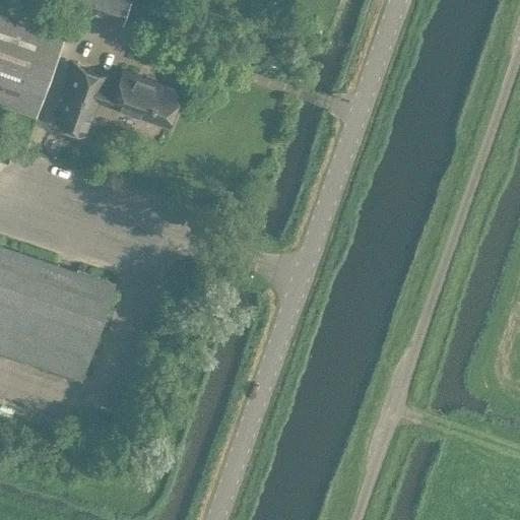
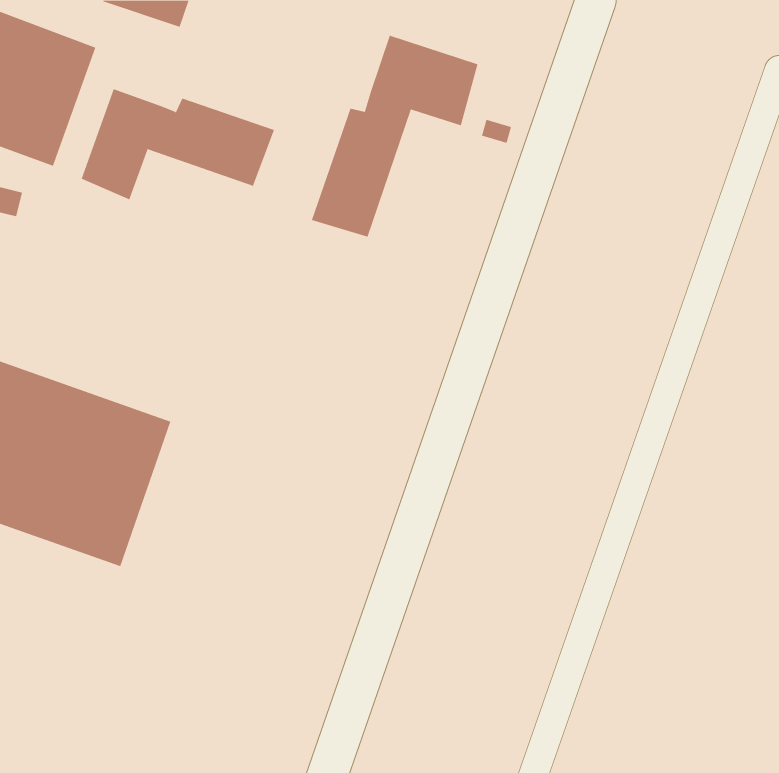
building: none -> [311,35,478,238]

